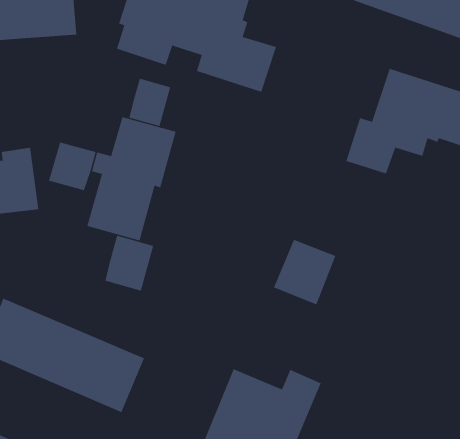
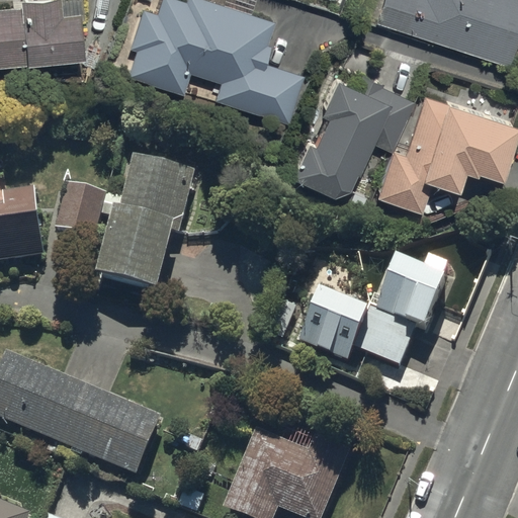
building: none -> [293,76,416,200]
building: [129,78,171,127] -> none
building: none -> [353,249,449,364]
building: [105,235,154,291] -> none

